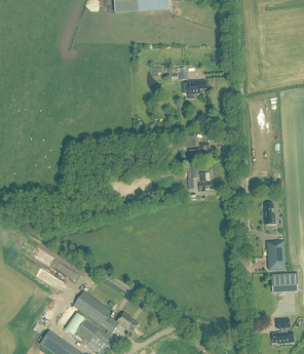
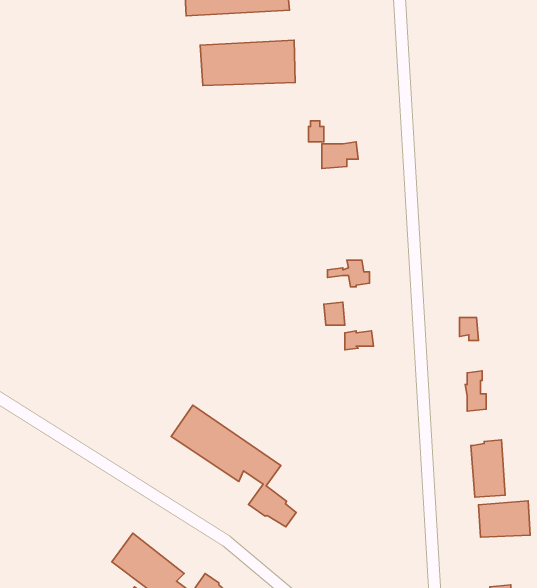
building: none -> [200,40,295,86]
building: none -> [171,405,296,527]

